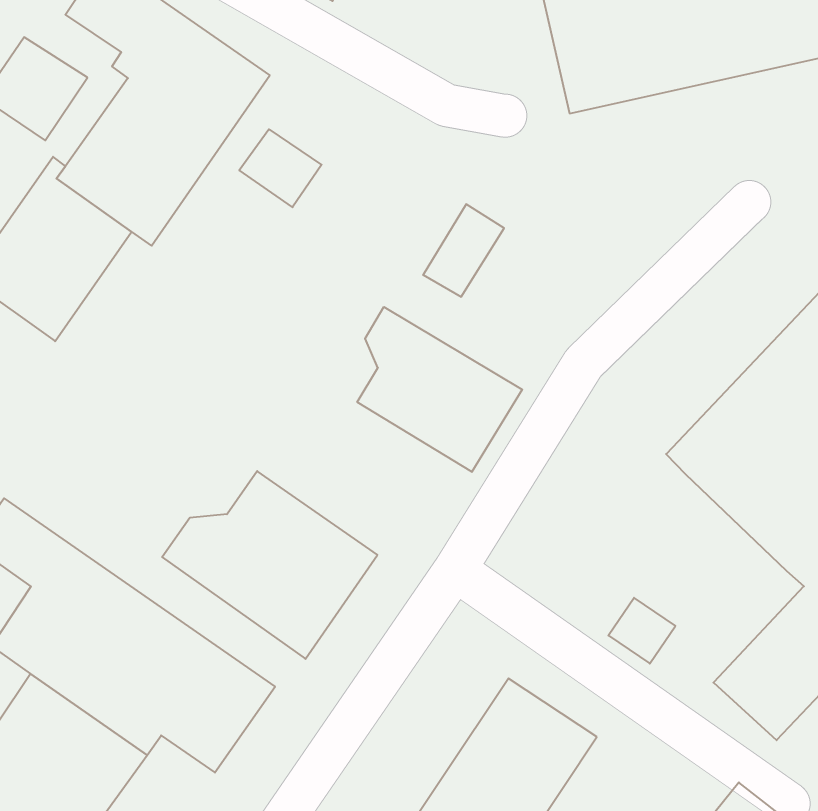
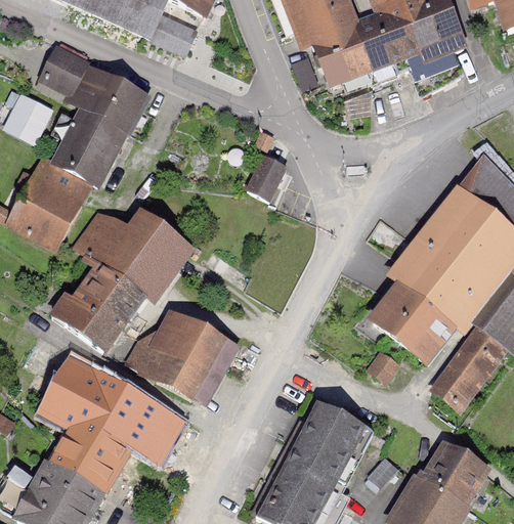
building: [239,129,322,207] -> none
building: none -> [50,207,197,353]
building: [357,307,522,472] -> none
building: none -> [367,281,456,364]

